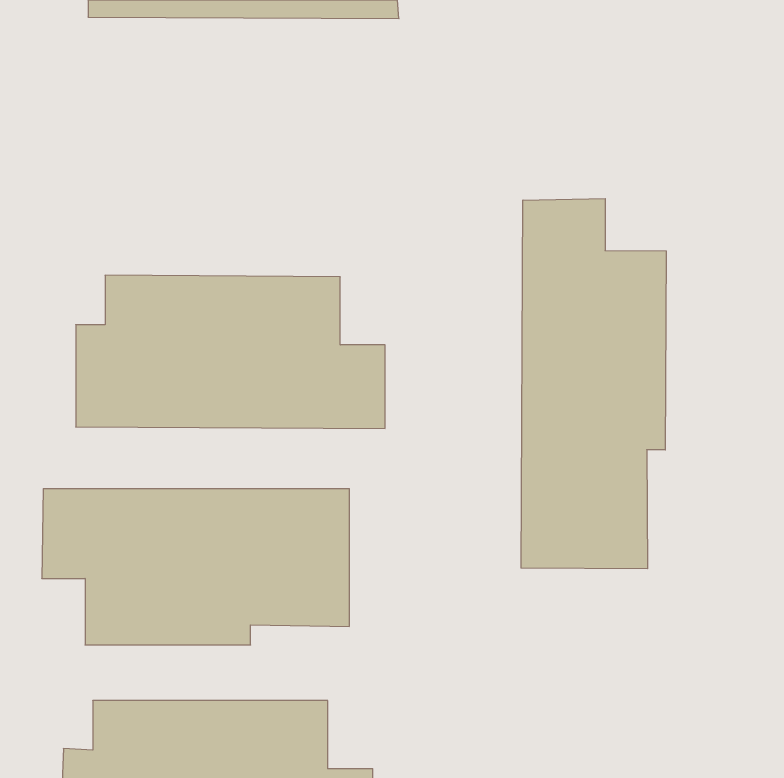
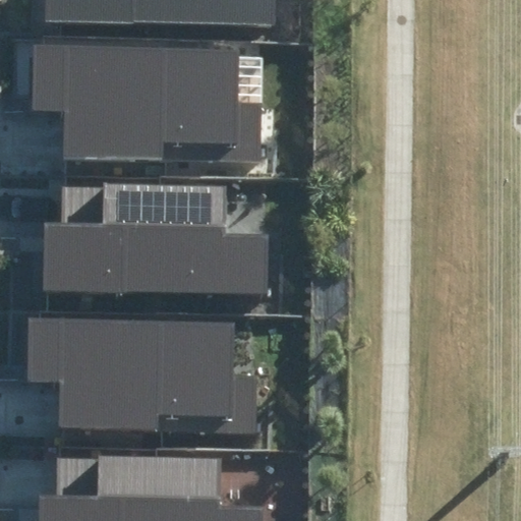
building: none -> [37,48,239,151]
building: [521,199,666,569] -> none

